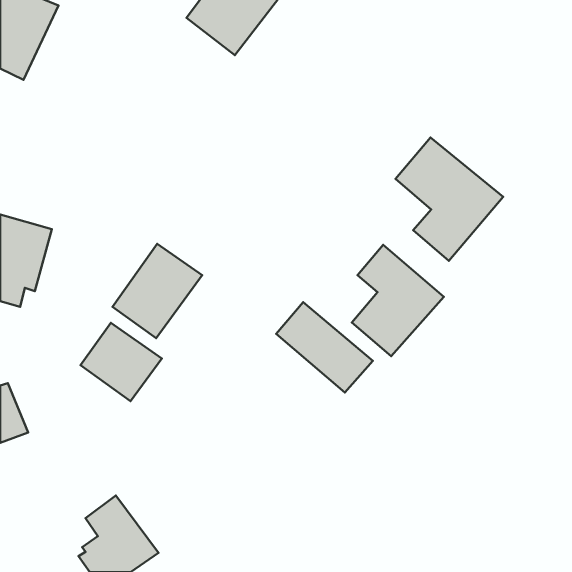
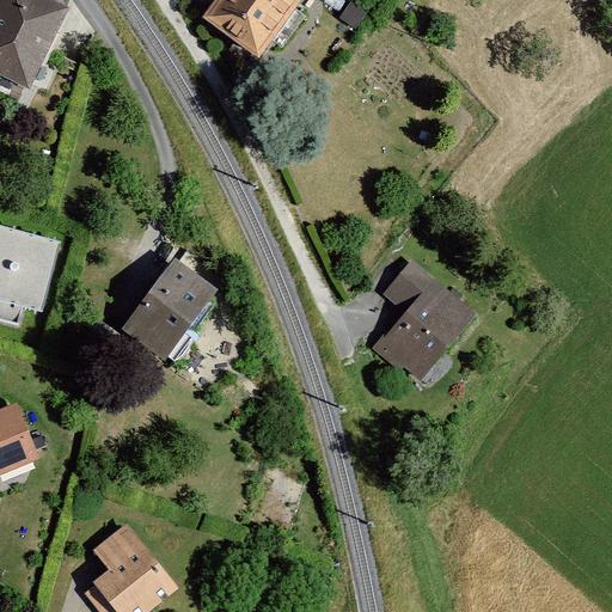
building: [396,137,503,261] -> none
building: [276,302,373,393] -> none
building: [80,323,162,401] -> none

